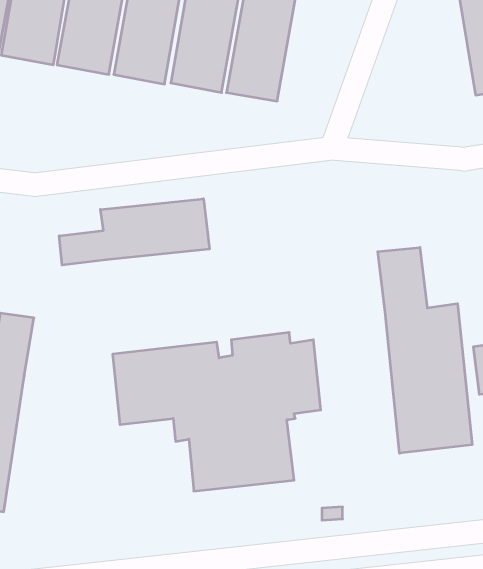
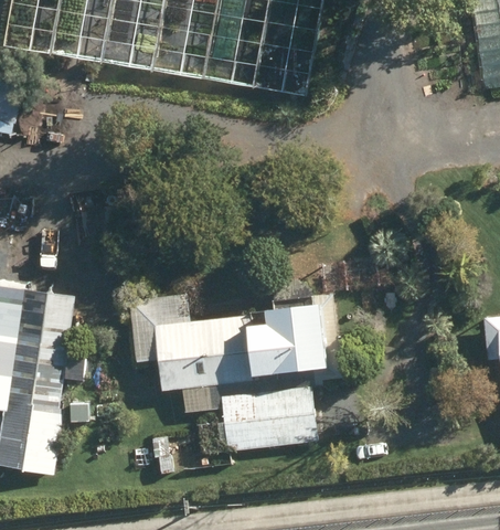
building: [59,199,209,265] -> none
building: [378,247,472,453] -> none

